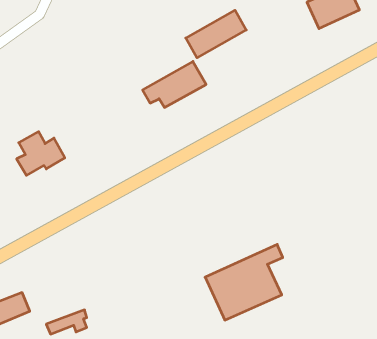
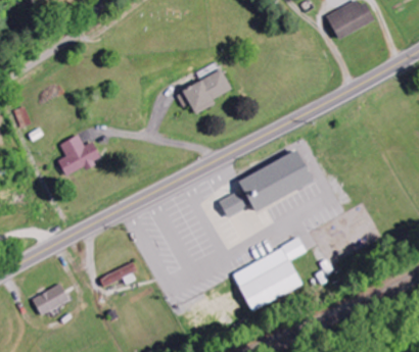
building: [186,10,246,58] -> none
building: none -> [220,150,318,216]
building: [46,310,87,334] -> [97,264,135,287]

